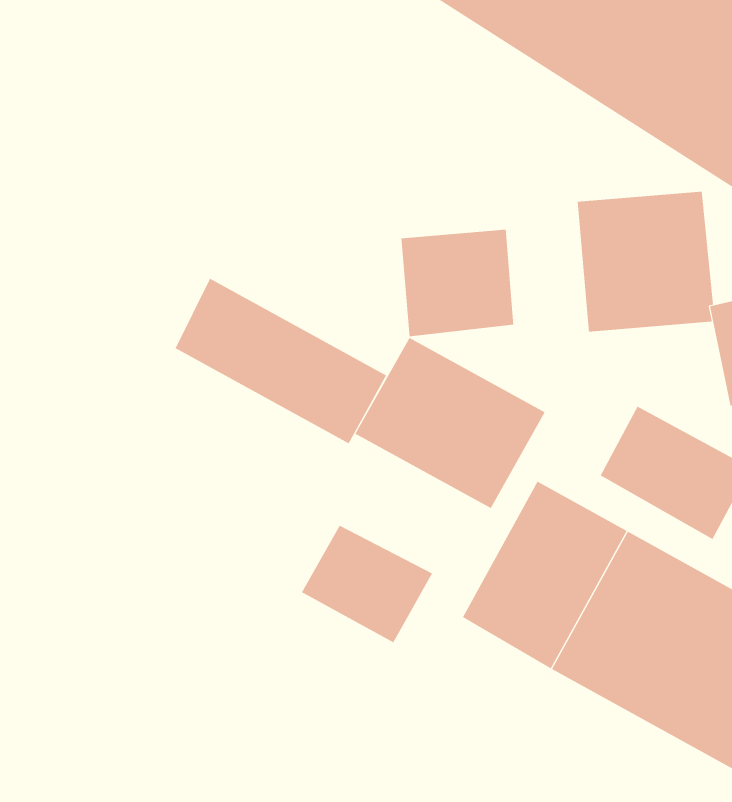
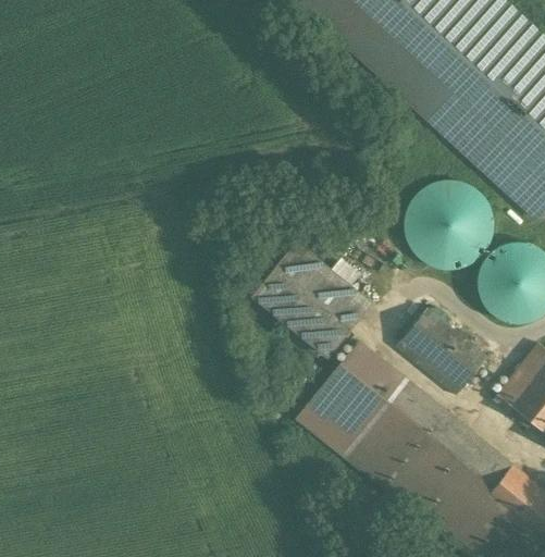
building: [401,229,514,337] -> none
building: [175,278,387,444] -> none
building: [301,525,433,643] -> none

